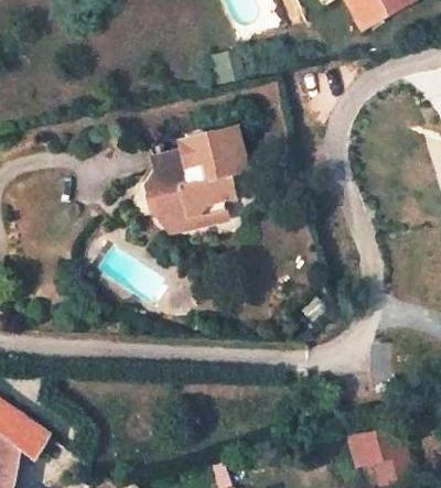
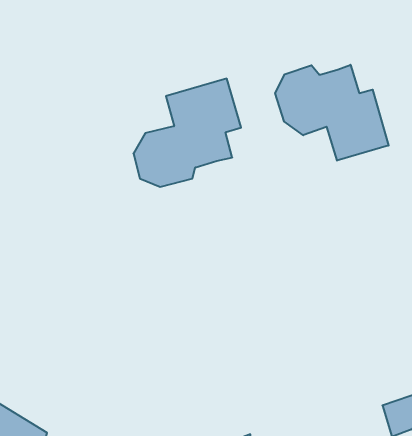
building: none -> [275,65,389,161]
building: [166,202,224,235] -> none

